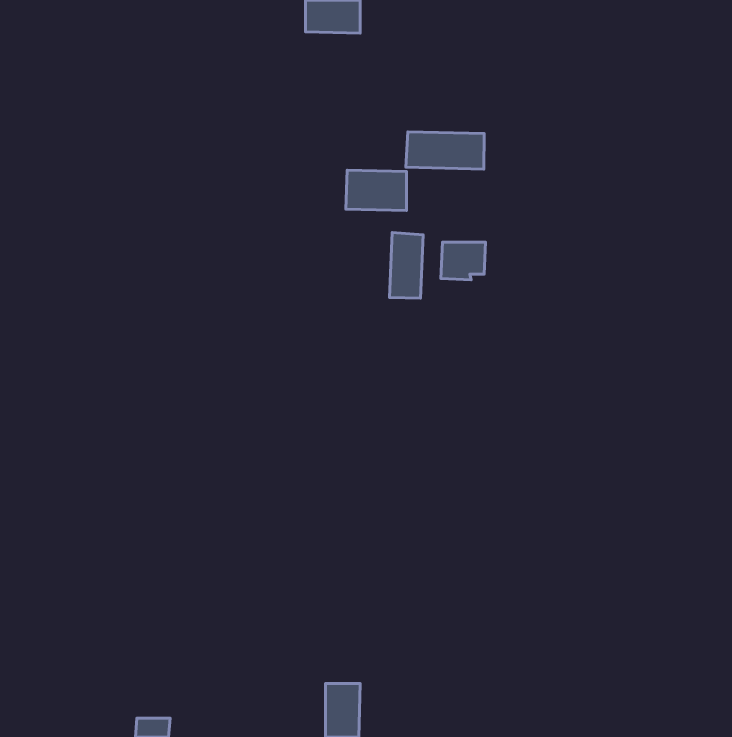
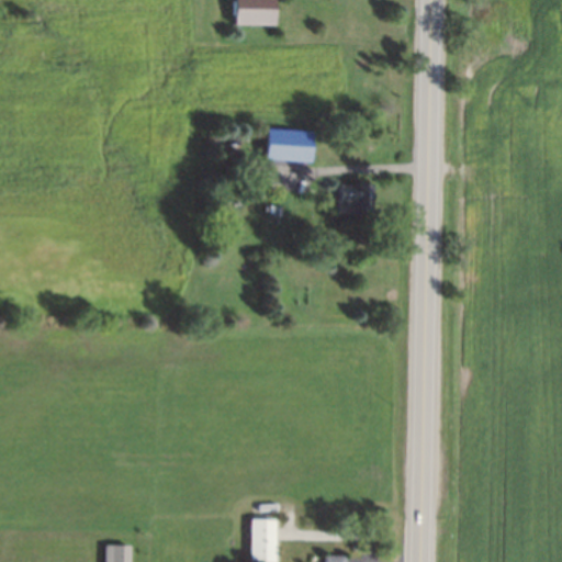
building: [406,132,484,169] -> none
building: [390,233,423,298] -> none

